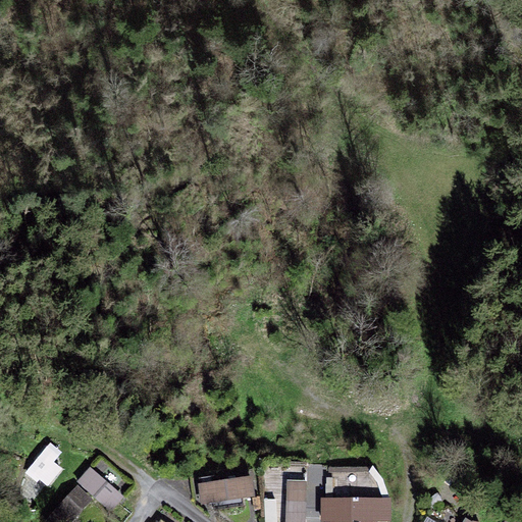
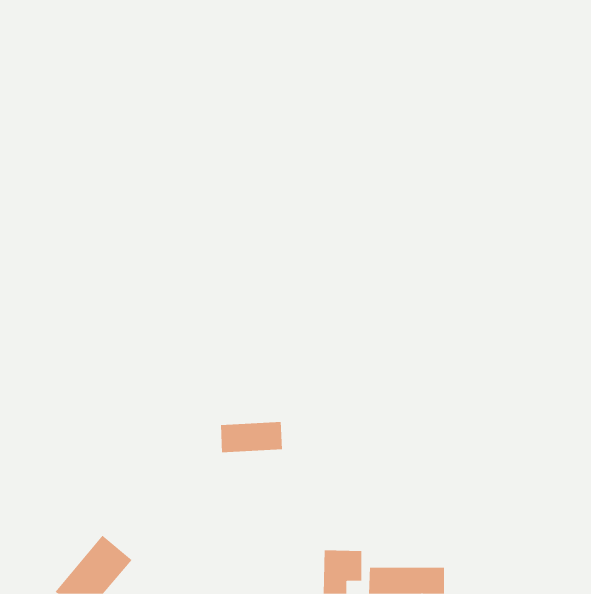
building: [24,445,65,487] -> none
building: [198,477,253,505] -> [220,421,283,453]

